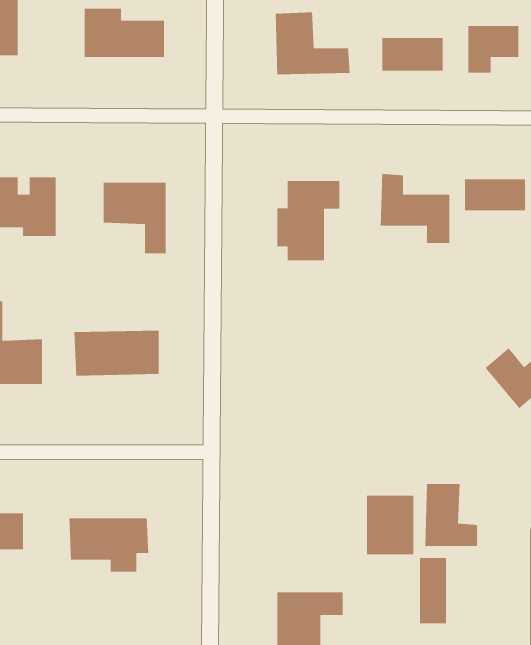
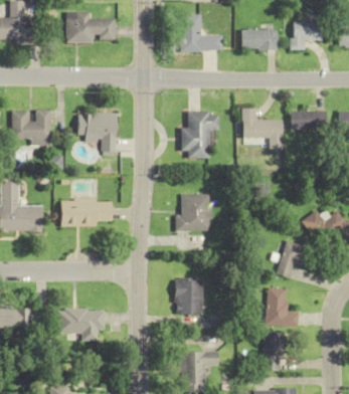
building: none -> [175,194,210,231]
building: none -> [277,240,313,277]
building: [366,495,414,555] -> [175,278,203,314]

